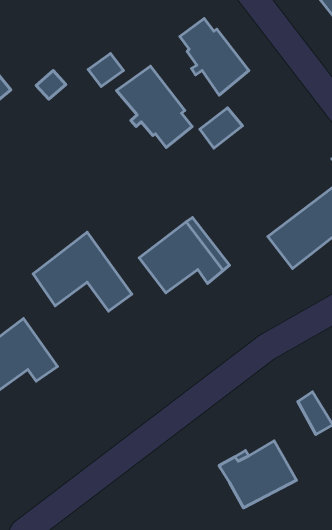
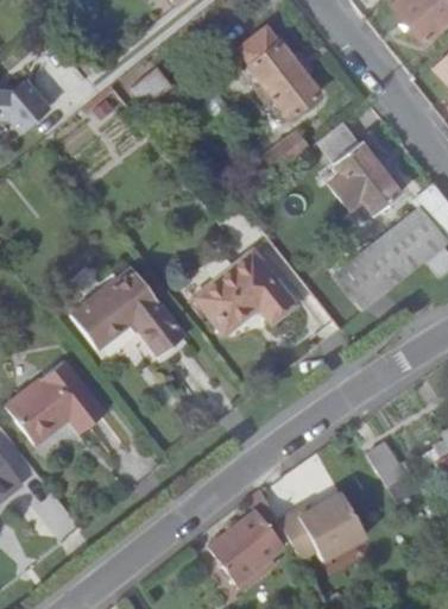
building: [116,66,192,147] -> none
building: none -> [313,120,400,213]
building: none -> [215,496,290,592]

